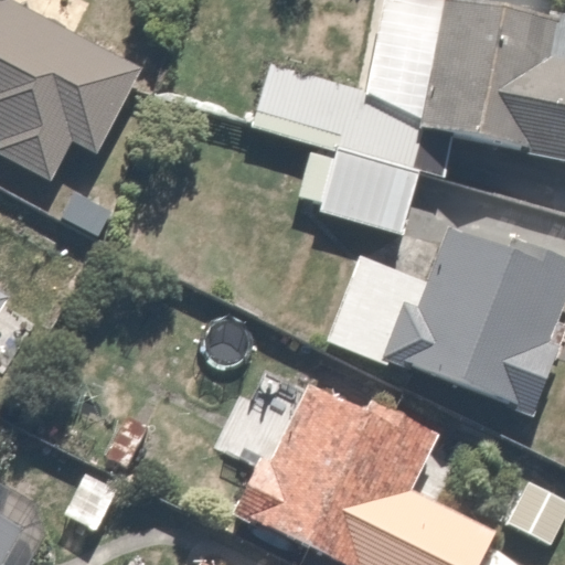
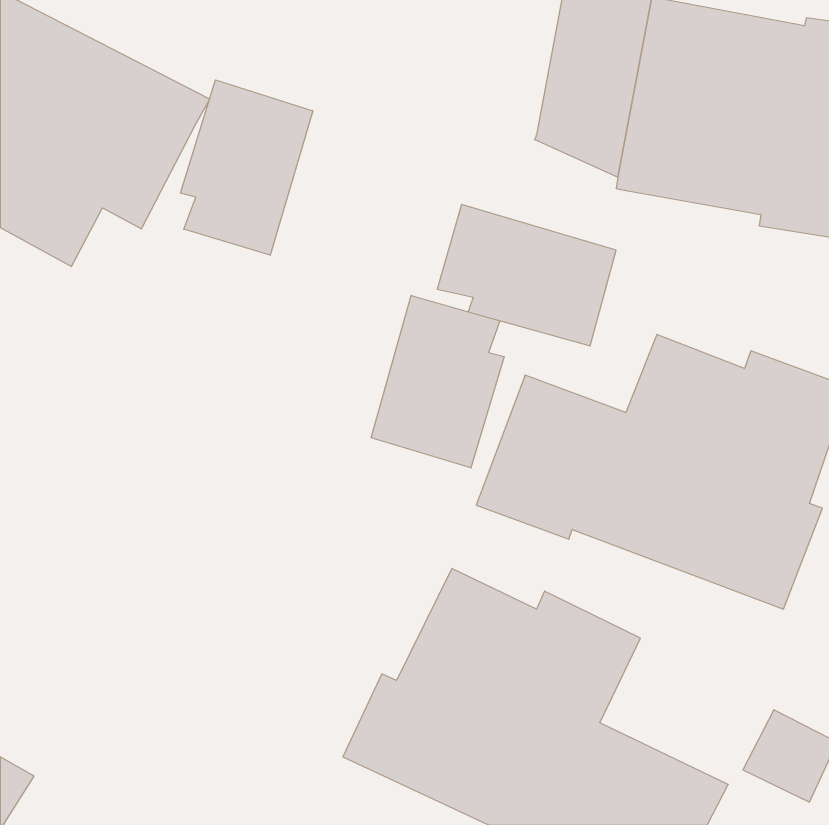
building: none -> [180,80,313,255]
building: [253,63,425,170] -> none
building: none -> [371,295,504,468]

